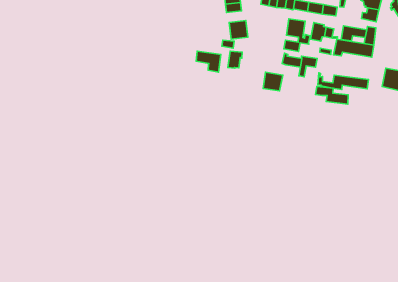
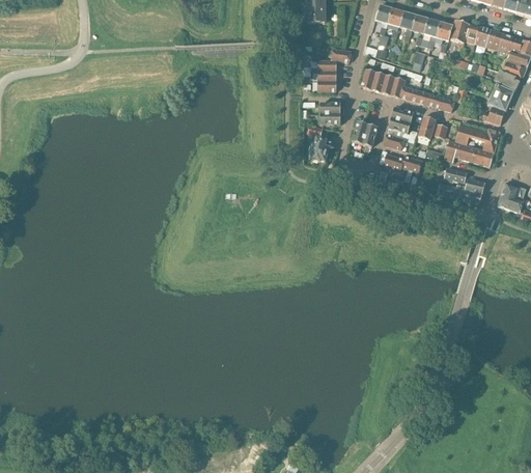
building: [196,51,221,72] -> none
building: [263,72,283,91] -> [352,122,378,147]
building: [315,87,348,104] -> [444,169,484,195]

